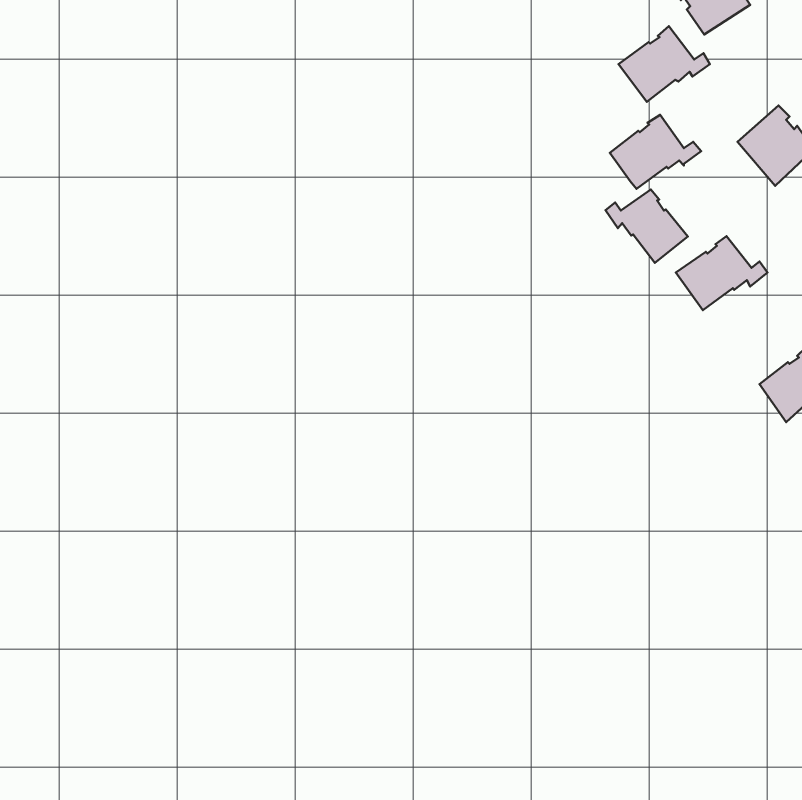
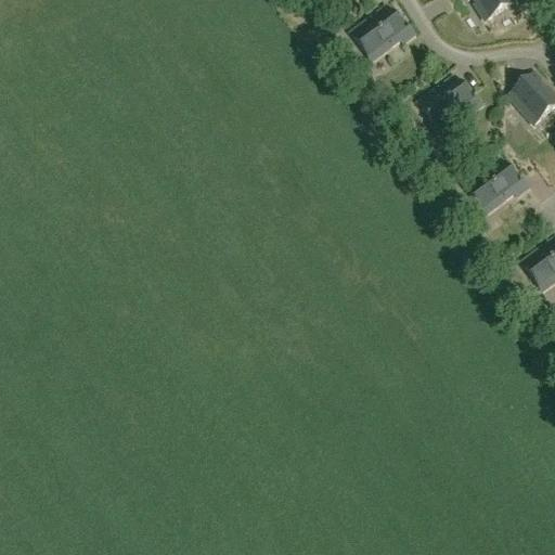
building: [619,26,710,102] -> [353,9,416,61]
building: [605,189,688,263] -> none

